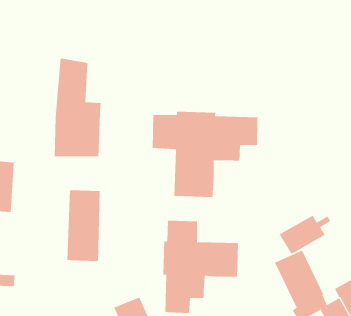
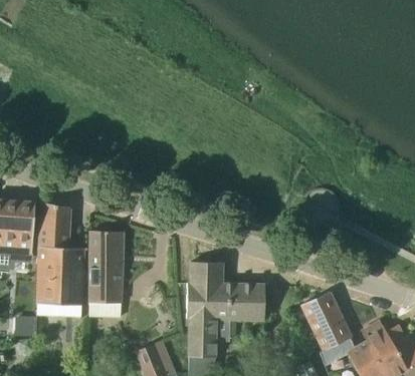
building: [54,58,102,157] -> [36,203,85,304]
building: [152,111,258,198] -> none
building: [279,215,331,255] -> none

